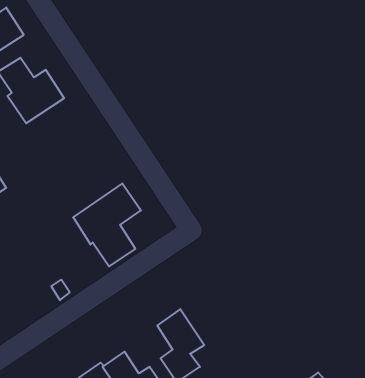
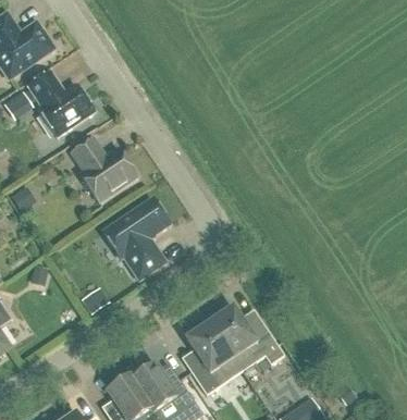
building: none -> [71,137,137,200]
building: none -> [209,306,283,363]

